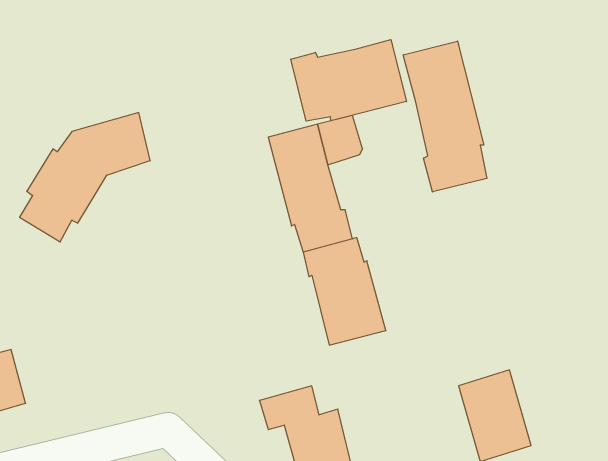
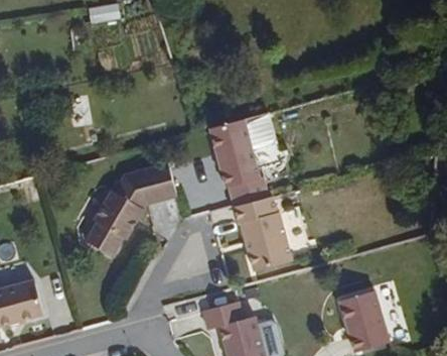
building: [291,40,406,121] -> none
building: [403,41,487,192] -> none
building: [20,113,150,242] -> [85,164,175,254]

